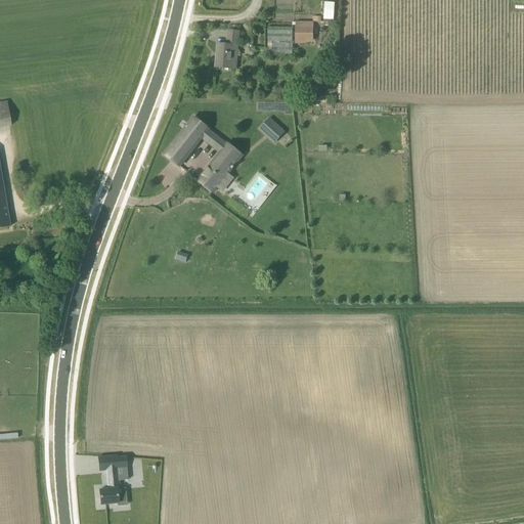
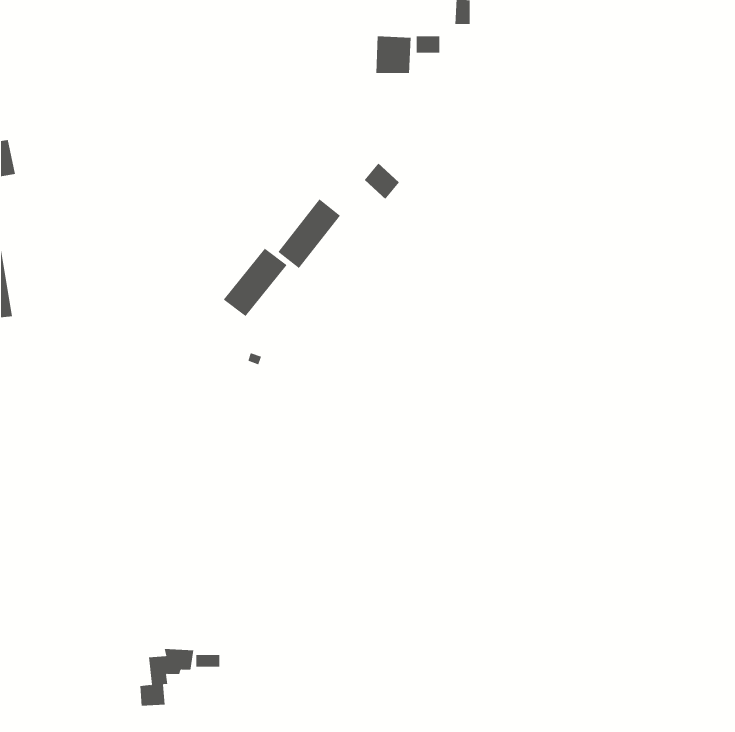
building: [215,29,239,68] -> none
building: [164,116,210,165] -> [223,248,288,317]

